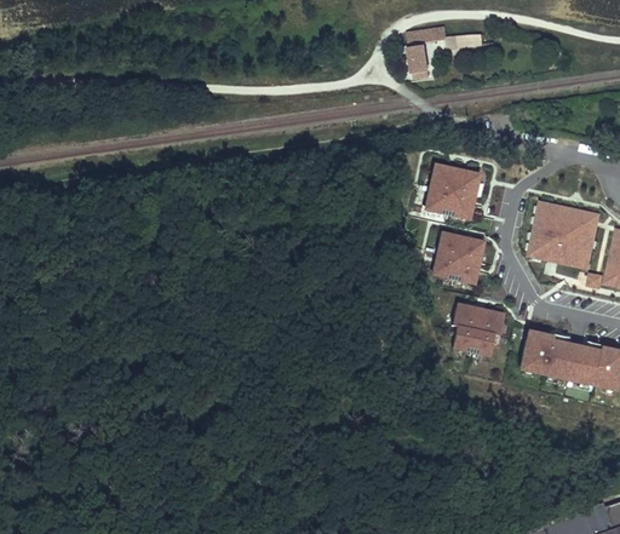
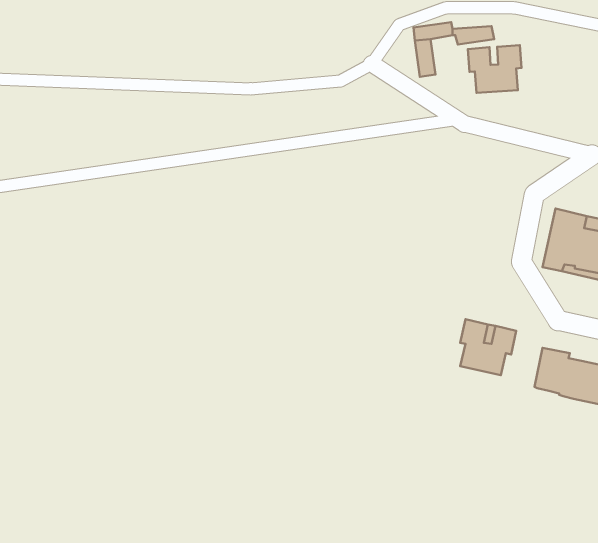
building: none -> [468,45,521,93]
building: [426,168,476,217] -> none
building: [432,232,483,283] -> none

